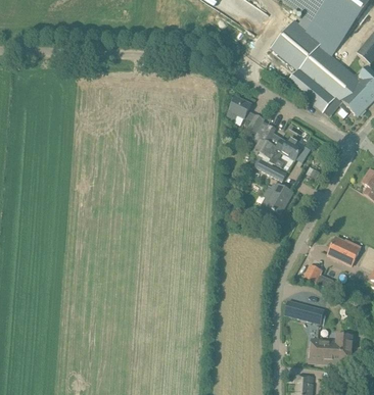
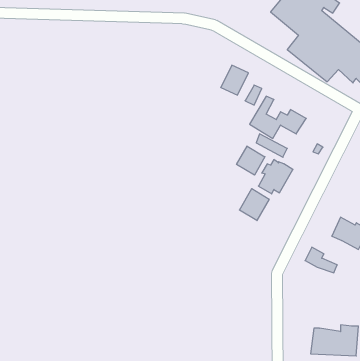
building: none -> [237,146,265,175]
building: none -> [239,189,269,221]
building: [285,300,325,325] -> none

